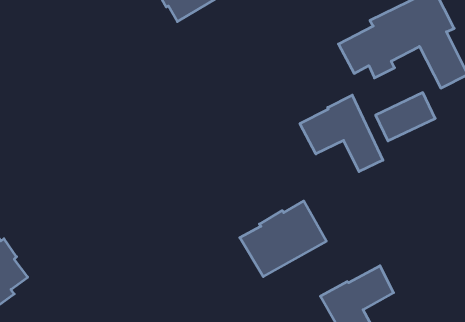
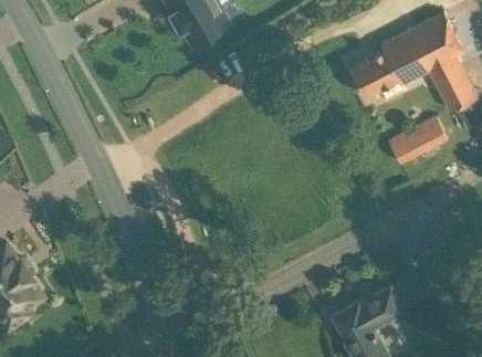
building: [300,95,383,172] -> none
building: [240,201,326,277] -> none

